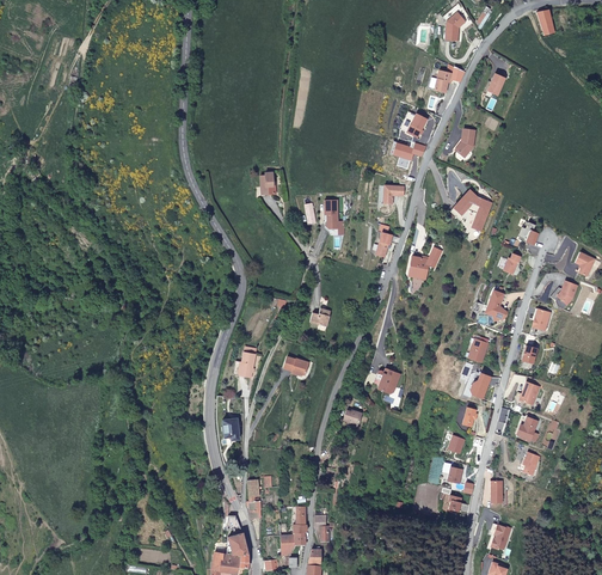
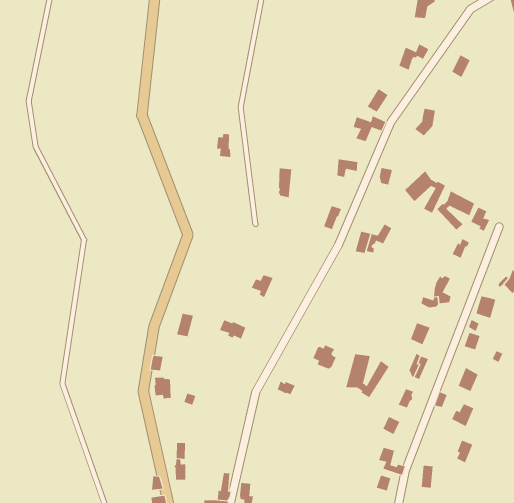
building: none -> [437,191,475,231]
building: none -> [345,354,389,398]

